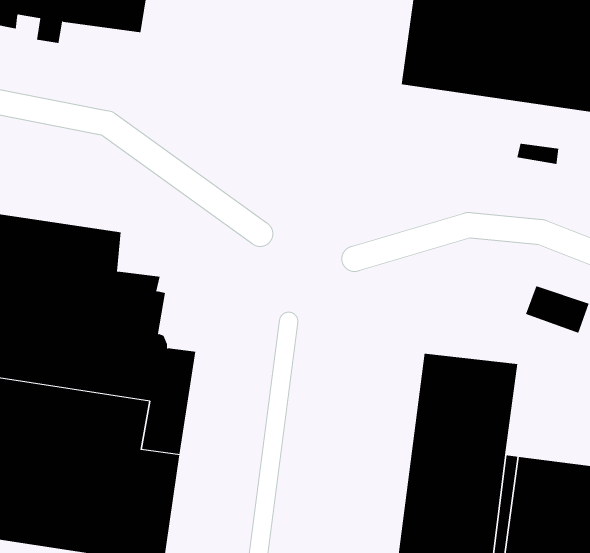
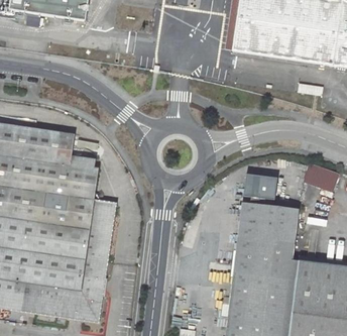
building: none -> [250,177,280,200]

